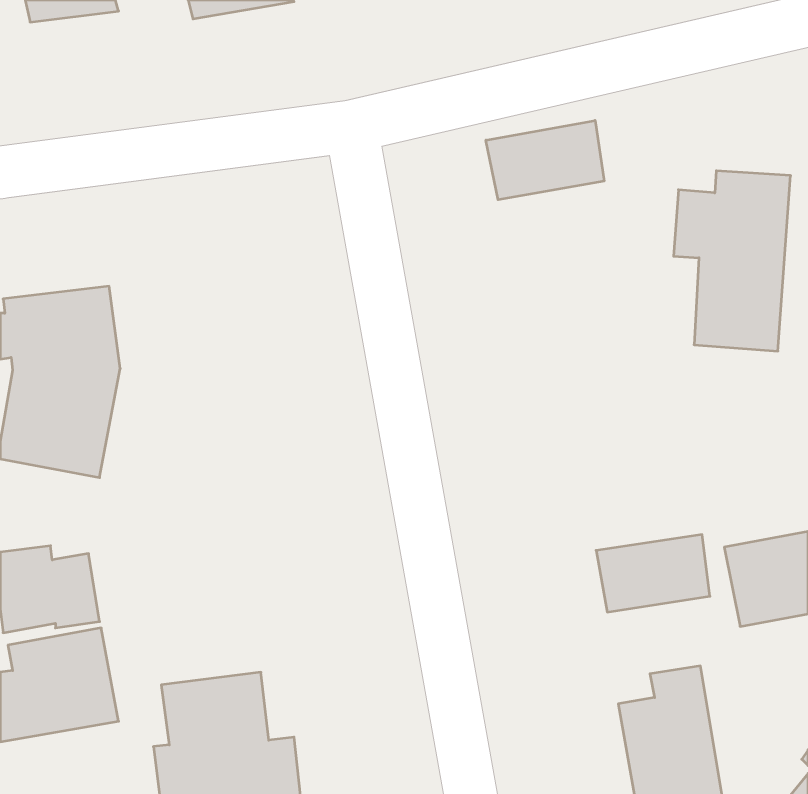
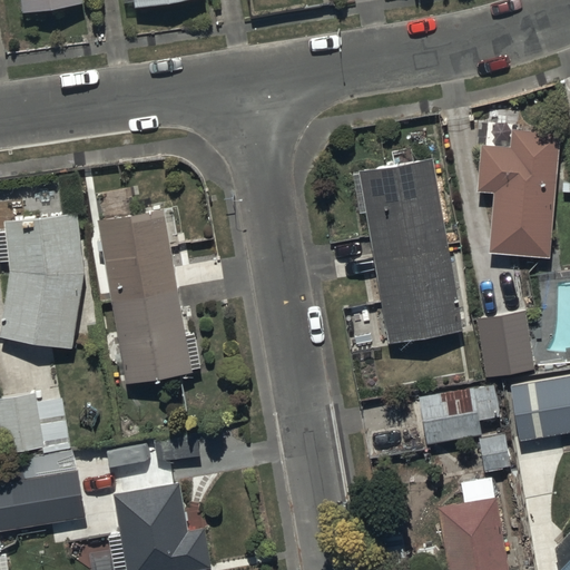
building: [486,120,604,200] -> none
building: none -> [357,161,463,347]
building: none -> [98,207,199,383]
building: none -> [479,320,534,381]

